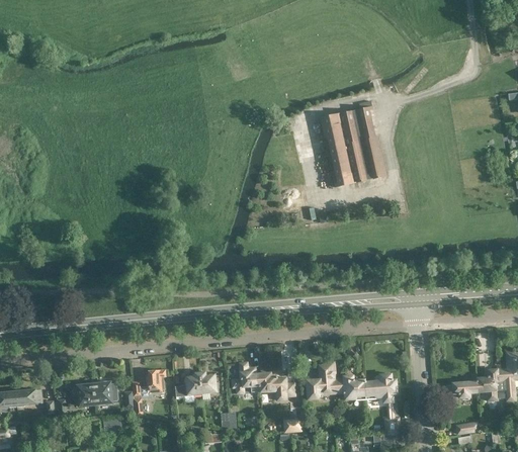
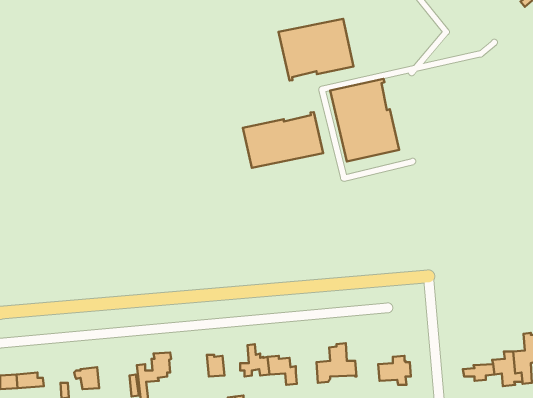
building: none -> [279,19,354,80]
building: none -> [243,112,323,168]
building: [176,372,203,396] -> none
building: [344,375,368,399] -> none
building: [95,382,117,404] -> none

